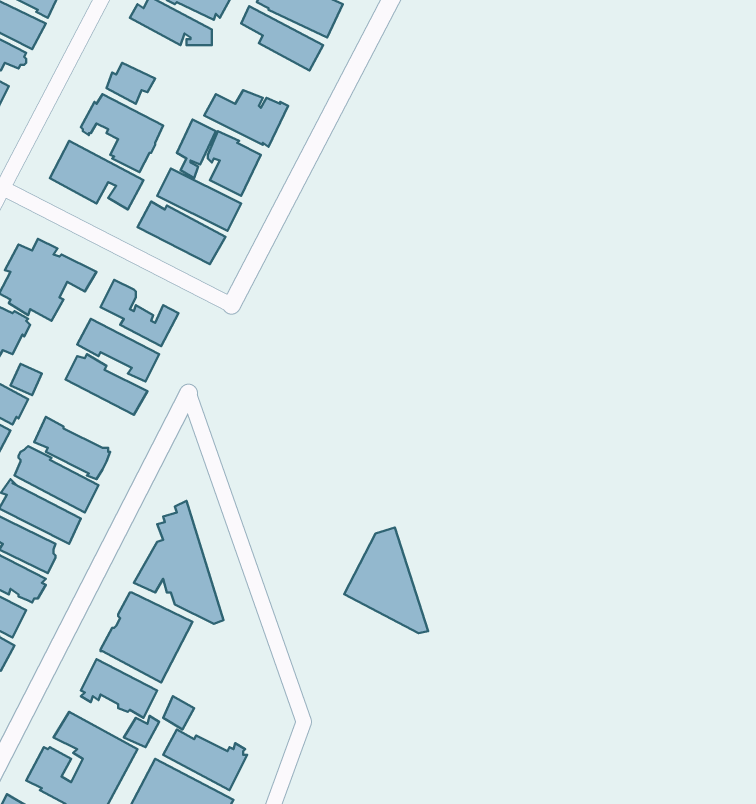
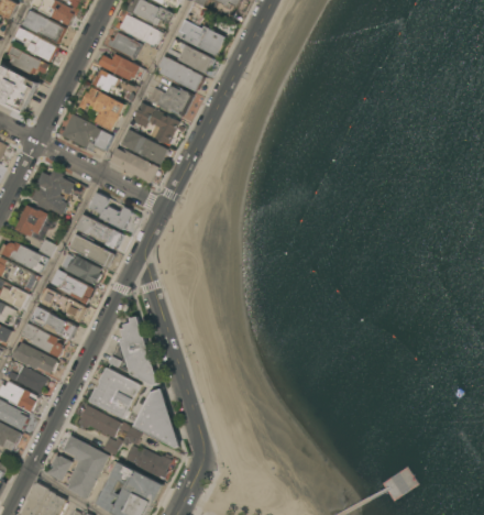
building: none -> [98,53,143,80]
building: none -> [155,55,204,91]
building: none -> [59,253,101,285]
building: [344,528,428,633] -> [133,388,180,448]

